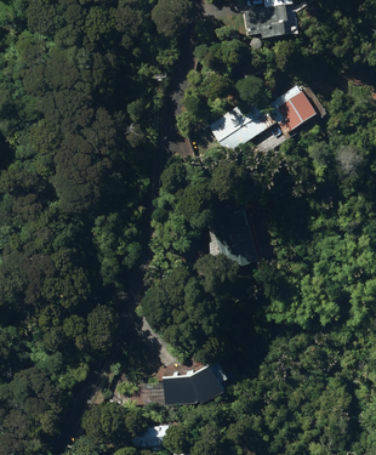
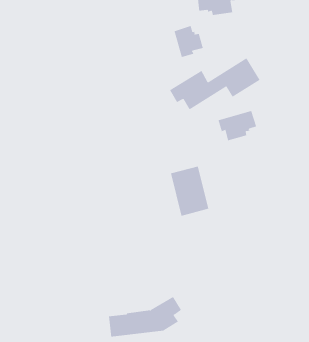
building: none -> [174,25,204,58]
building: none -> [218,110,257,141]

